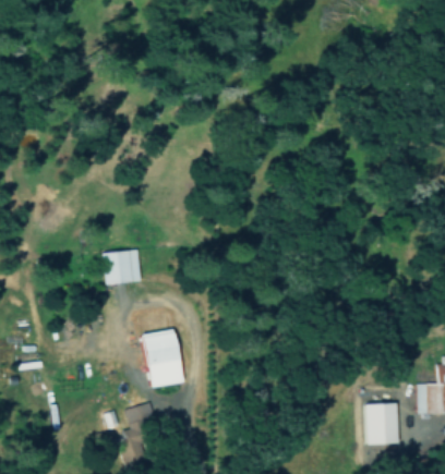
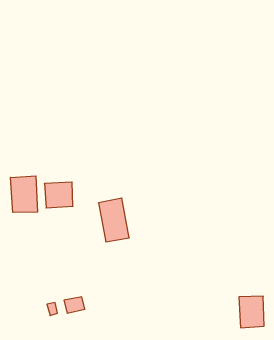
building: none -> [11,176,37,212]
building: [141,329,182,388] -> [98,198,129,242]

